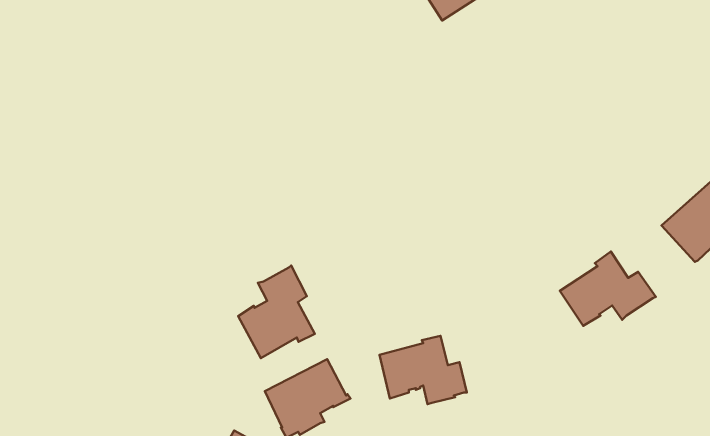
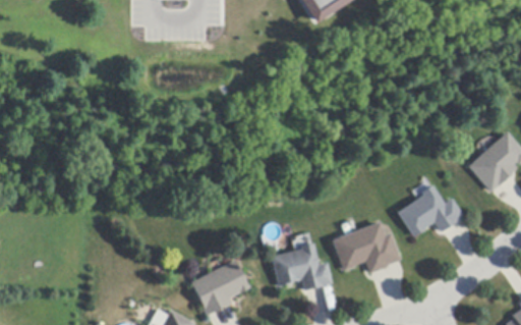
building: [238,266,315,358] -> none
building: none -> [331,221,400,274]

